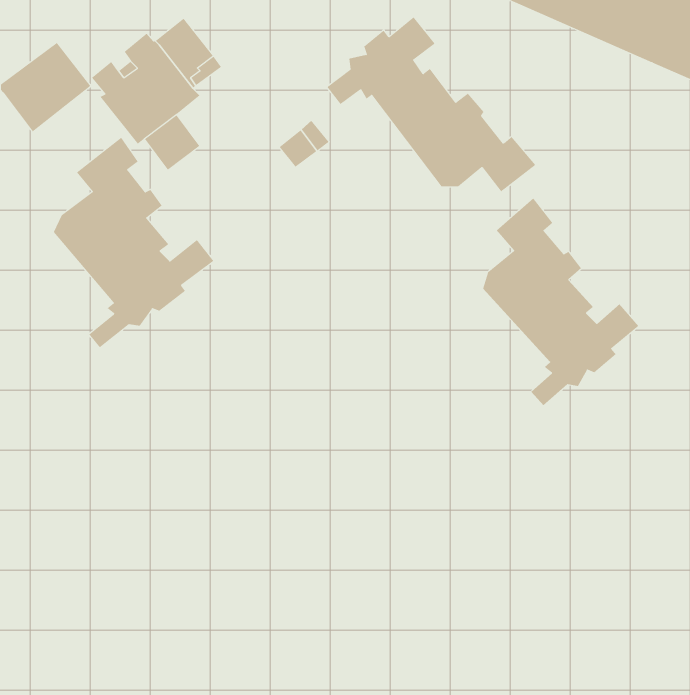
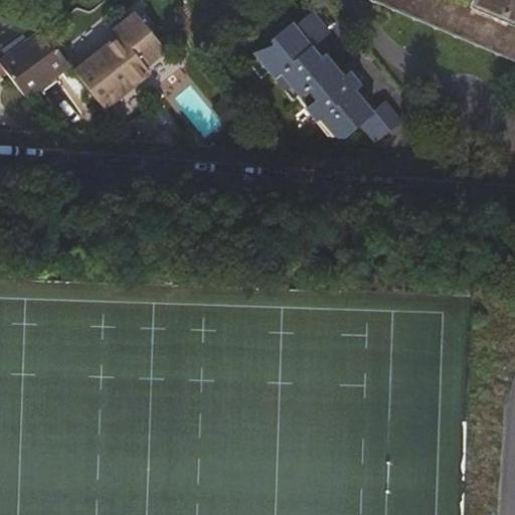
building: [53,137,214,348] -> none
building: [482,198,639,406] -> none

